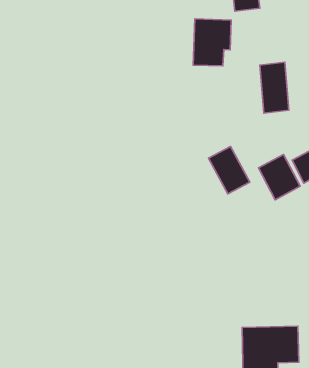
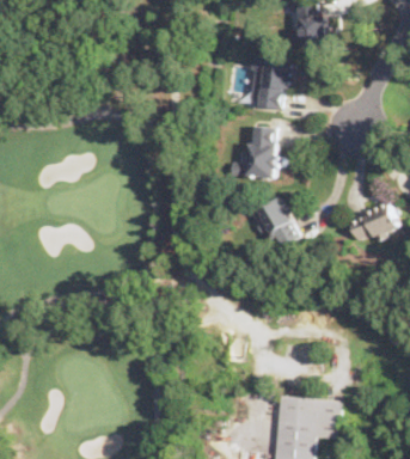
building: [260,62,289,113] -> [247,124,275,178]
building: [259,155,300,200] -> none

